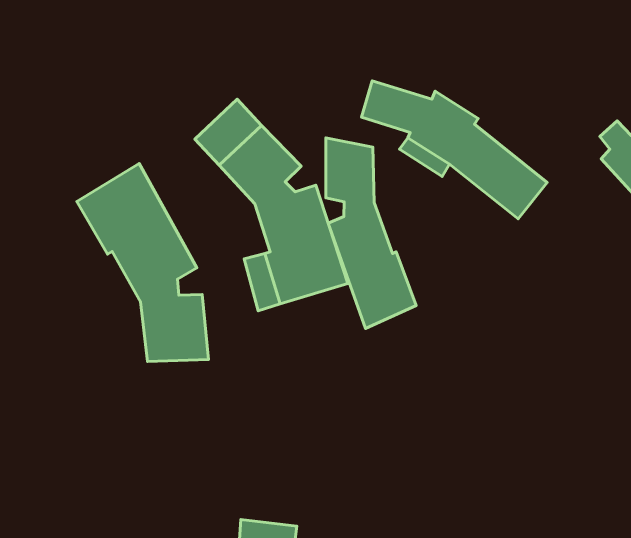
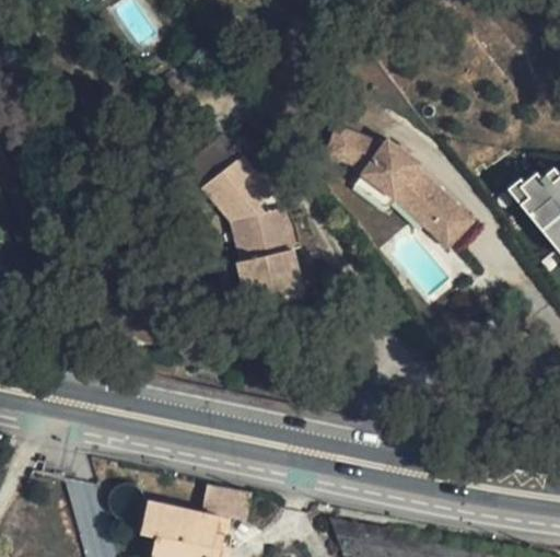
building: [326,138,416,329] -> none
building: [77,163,208,361] -> none

